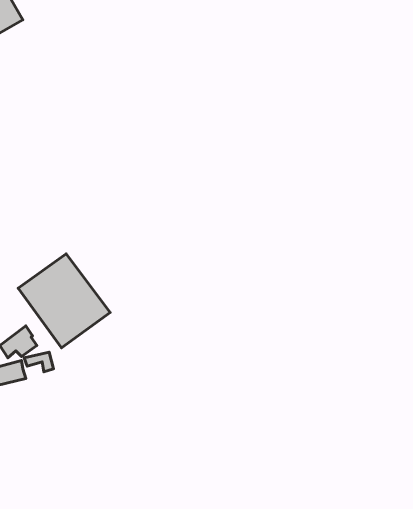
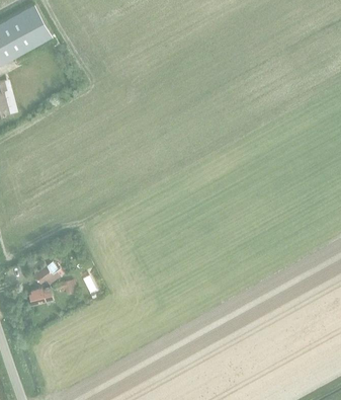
building: [18,254,110,348] -> none

